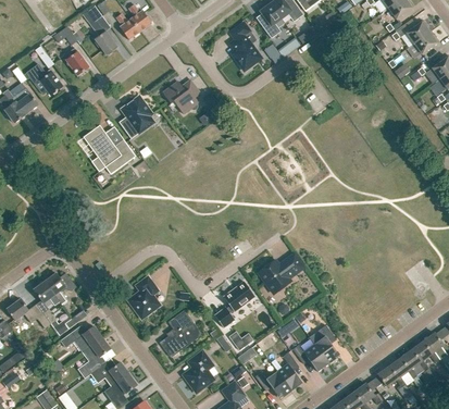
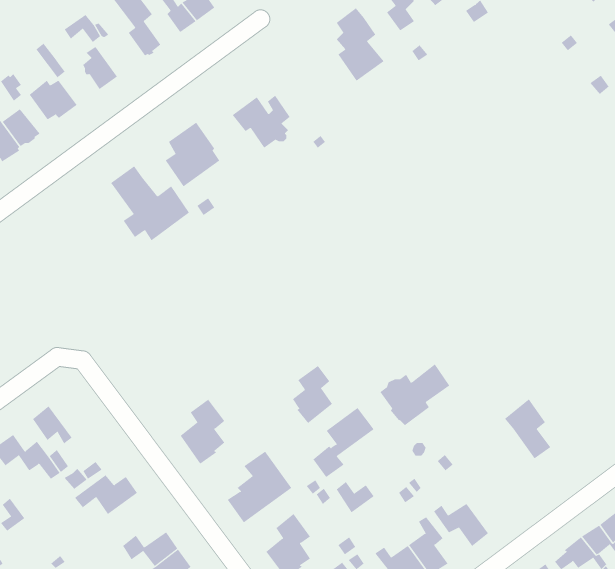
building: none -> [292,365,333,424]
building: [43,273,75,306] -> none
building: [309,324,339,363] -> [504,399,551,459]
building: [79,337,110,377] -> none

